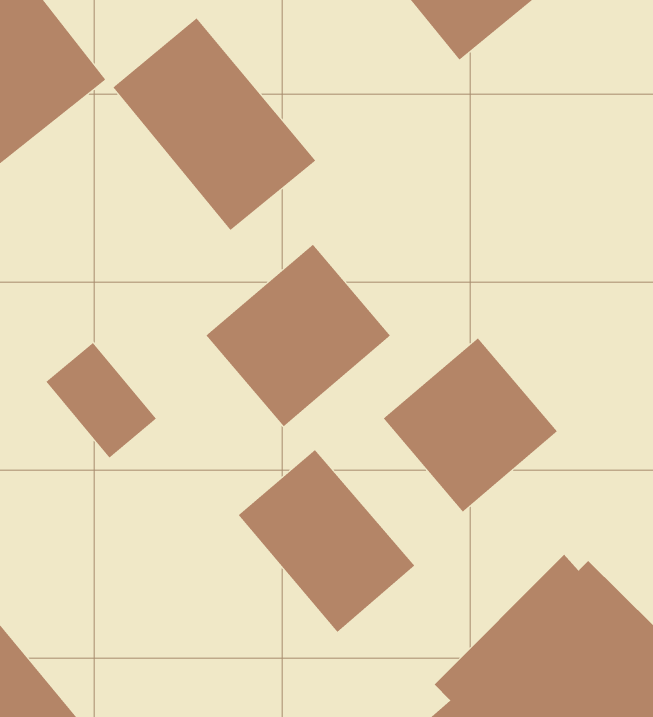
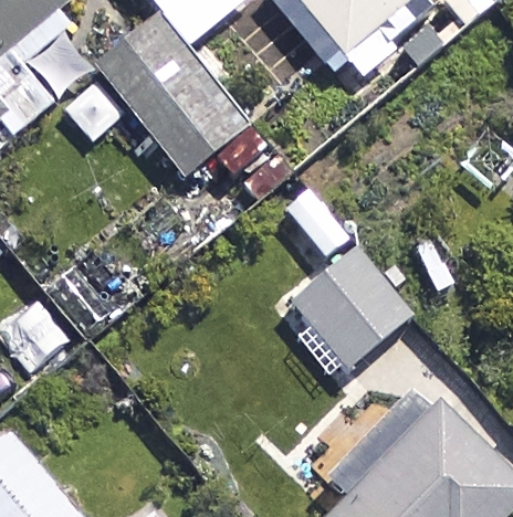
building: [206,244,391,427] -> none
building: [238,449,415,633] -> none

